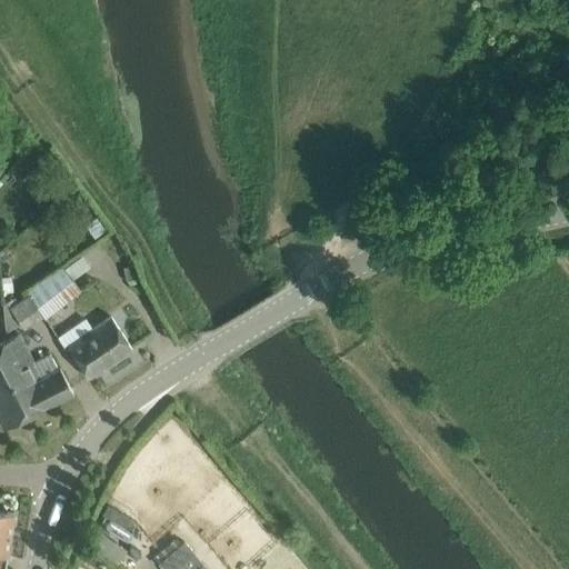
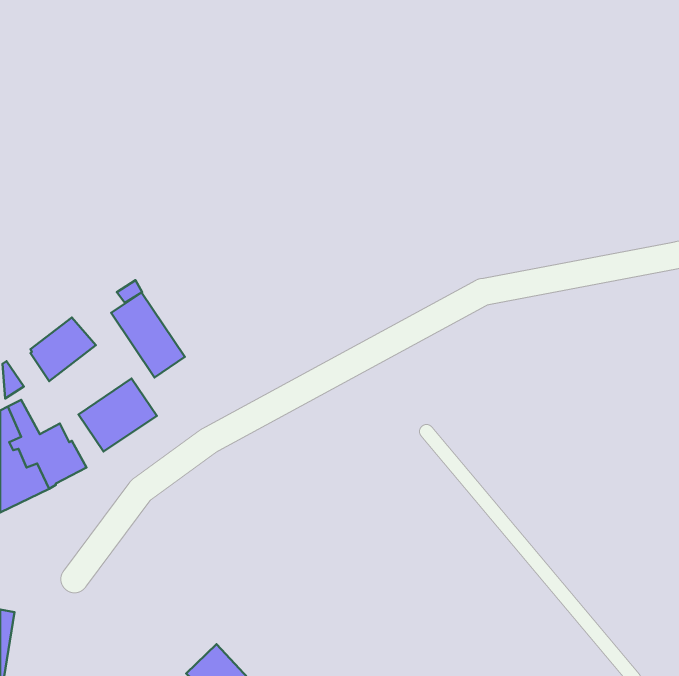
building: none -> [111,293,185,377]

